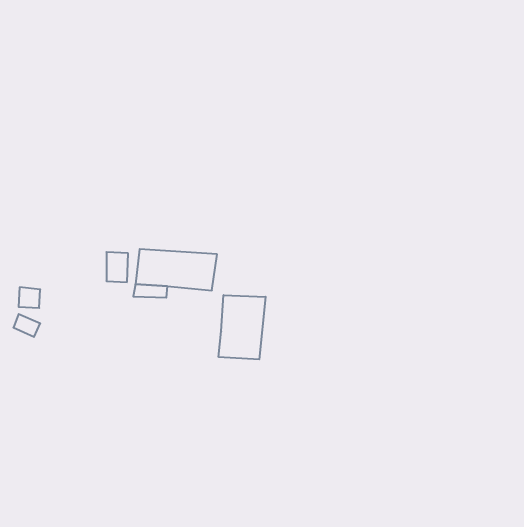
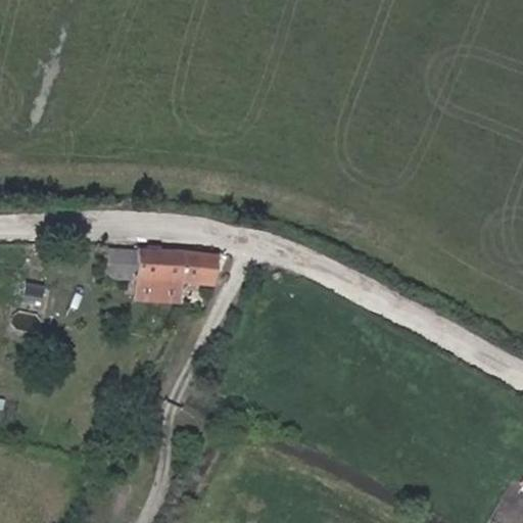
building: [219,295,266,359] -> none

